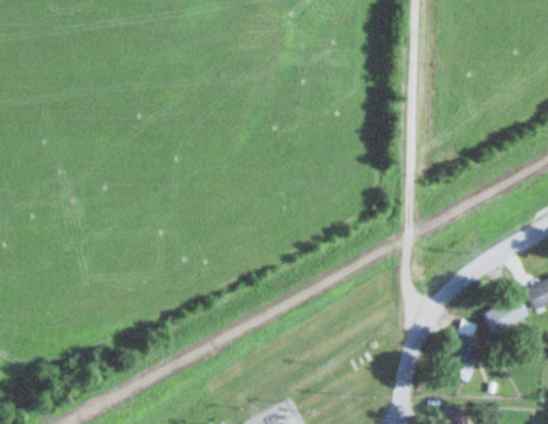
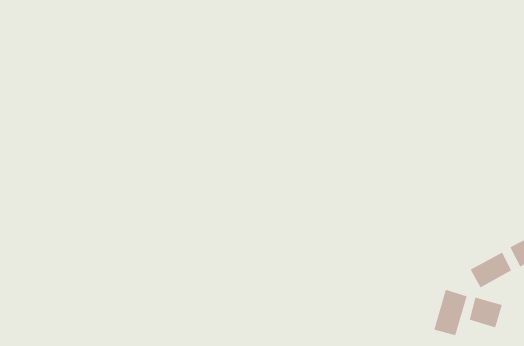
building: none -> [469,297,502,328]

